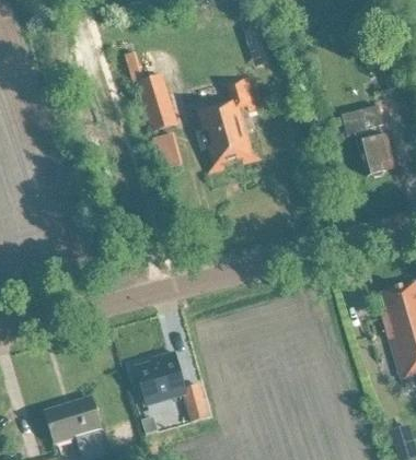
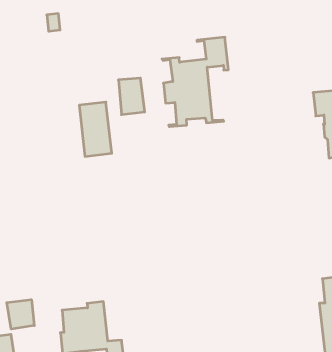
building: [139,75,178,131] -> [79,102,112,156]
building: none -> [7,300,34,329]

